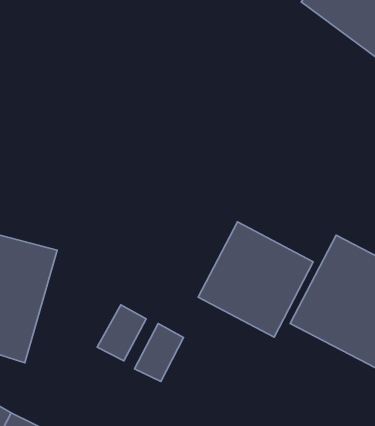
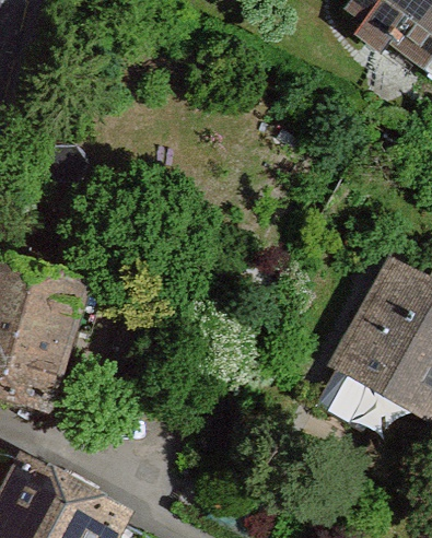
building: [198,222,313,337] -> none

